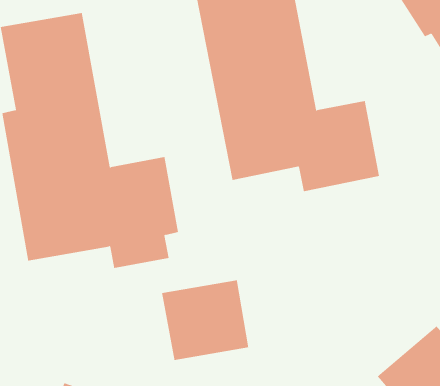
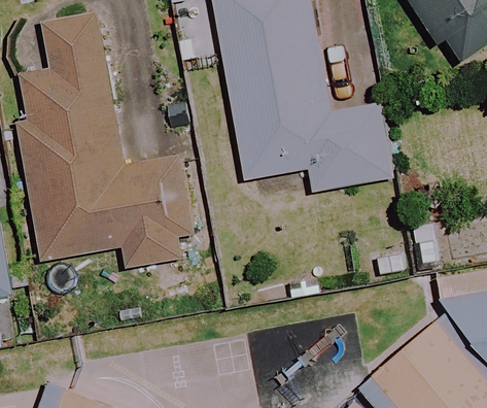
building: [161,279,249,361] -> none

